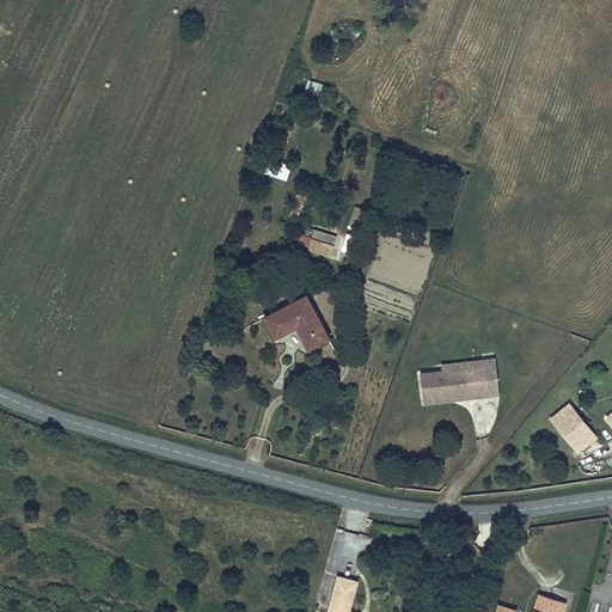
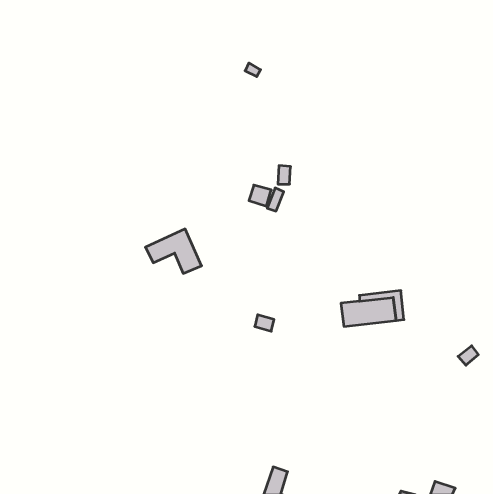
building: [263,296,332,351] -> [145,229,202,273]
building: [549,406,582,441] -> none

